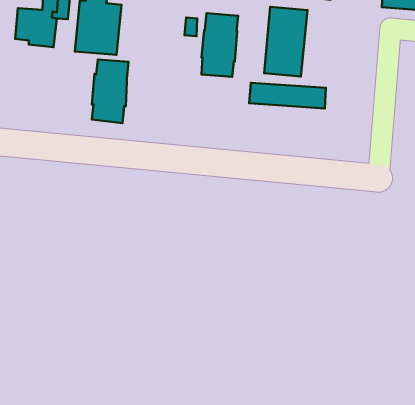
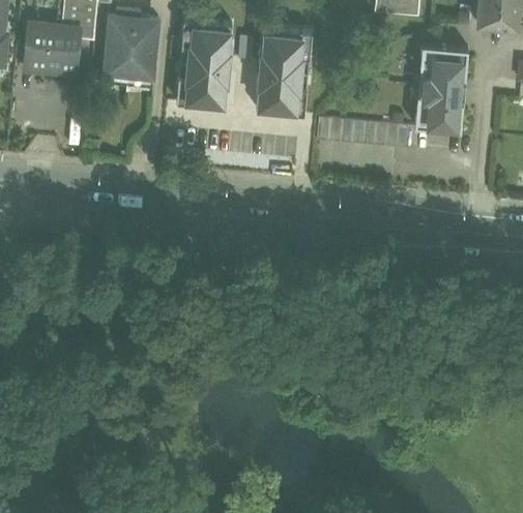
building: [264,7,308,76] -> [414,46,467,130]
building: [92,59,128,123] -> [185,26,230,103]

